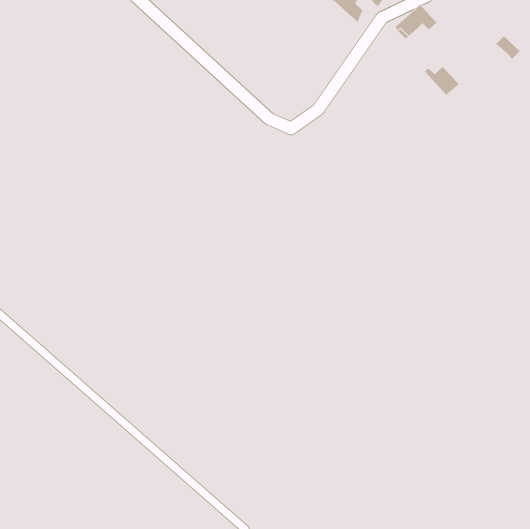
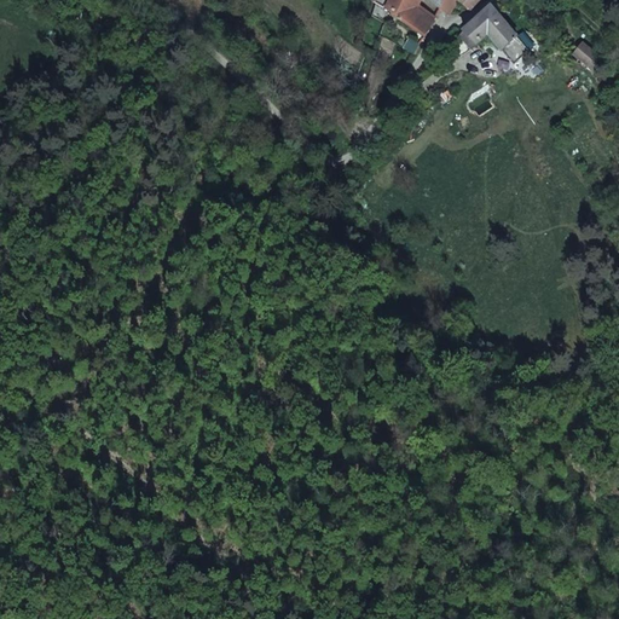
building: [424,66,460,96] -> [485,27,526,60]

